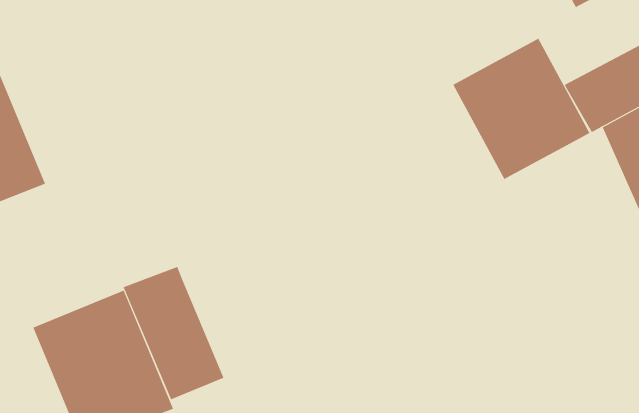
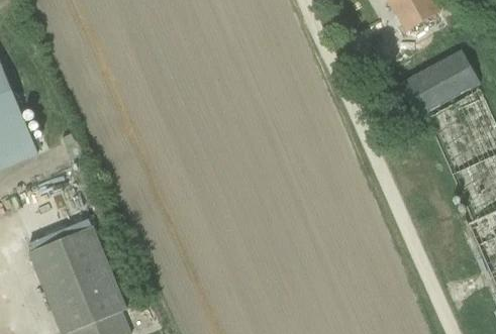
building: [453,38,590,180] -> none
building: [123,266,224,400] -> none

